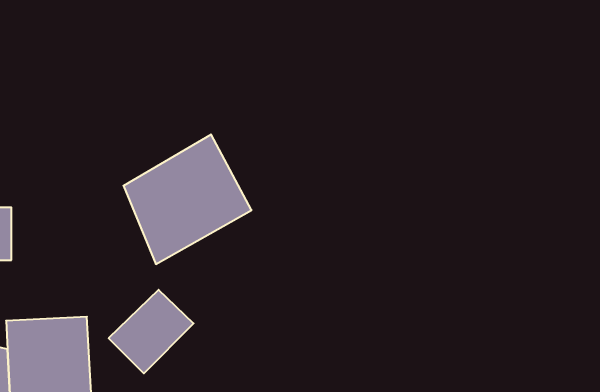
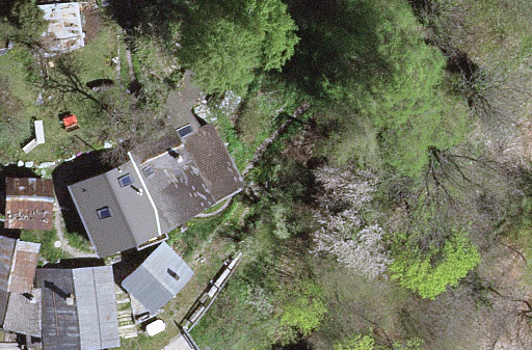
building: none -> [74,167,160,252]

